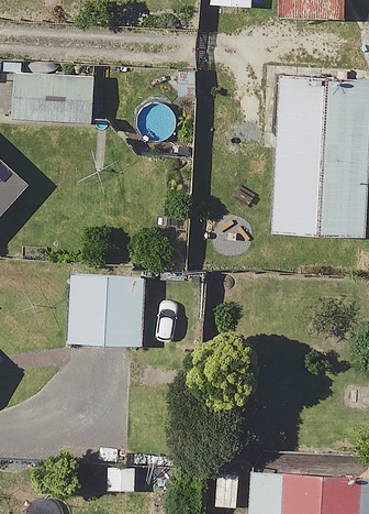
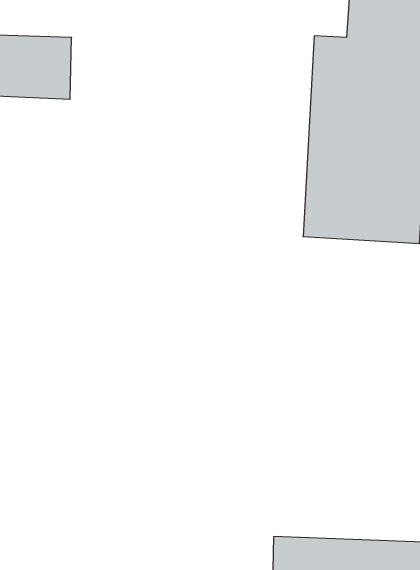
building: [68,276,144,349] -> none

